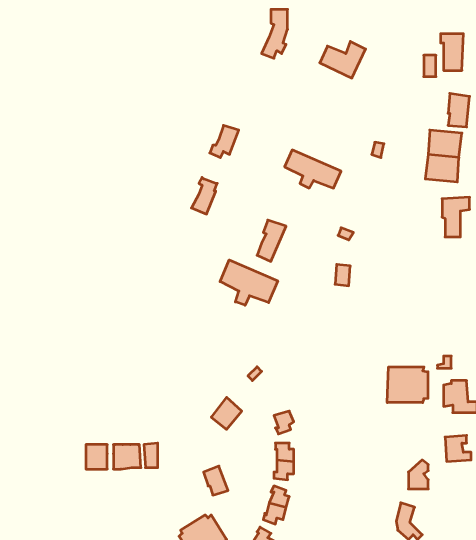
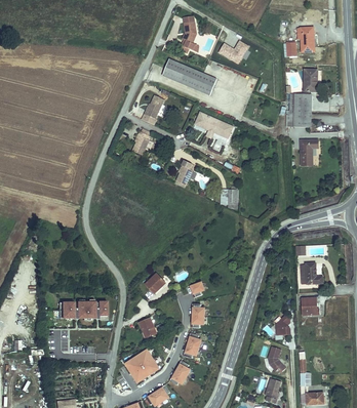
building: none -> [161,55,216,92]
building: [220,260,278,305] -> none
building: [387,367,428,403] -> none

